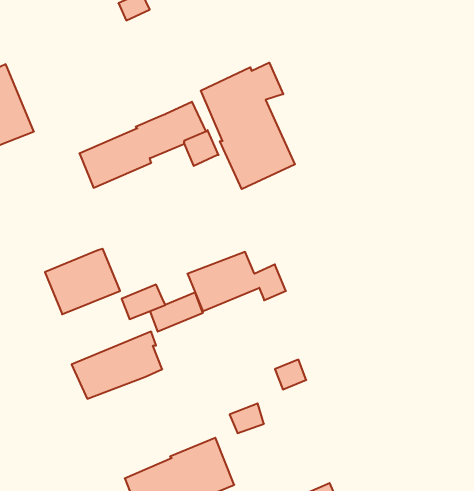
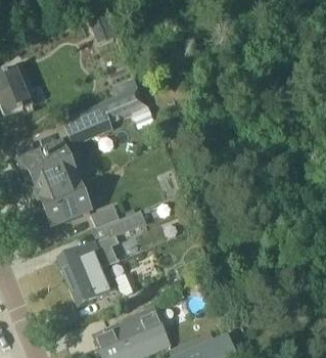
building: [201,63,295,189] -> none
building: none -> [16,140,81,196]
building: [187,252,286,311] -> [67,265,132,304]

